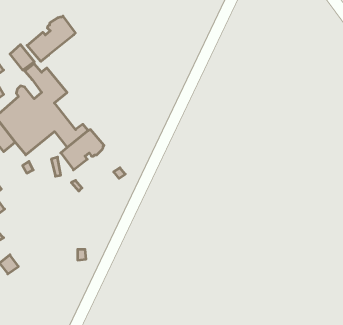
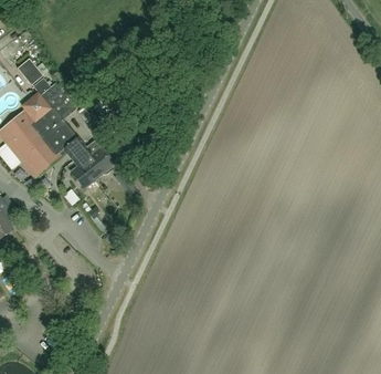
building: [27,16,75,61] -> none

